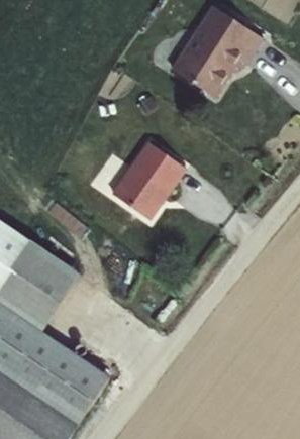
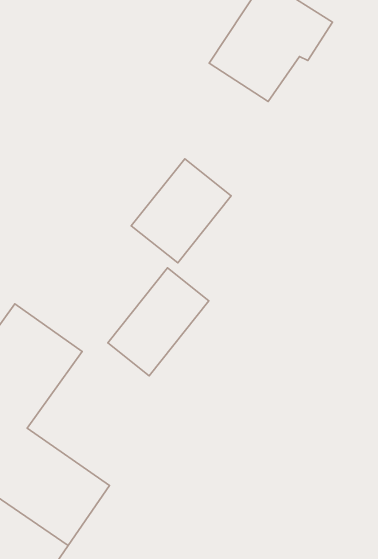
building: none -> [108,268,209,376]

